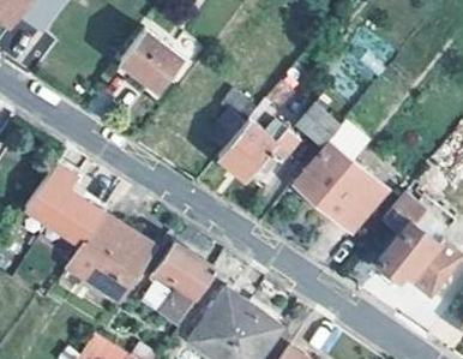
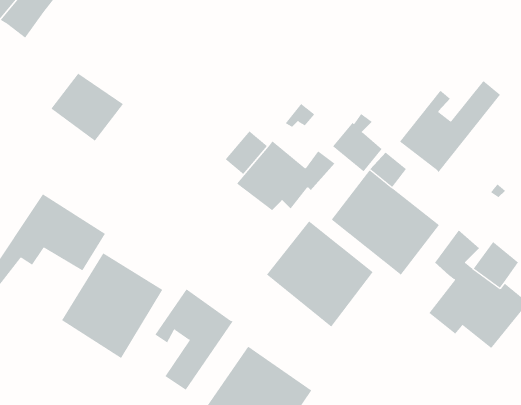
building: [120,30,181,88] -> [51,73,124,142]
building: none -> [399,80,501,173]
building: none -> [266,220,374,327]

